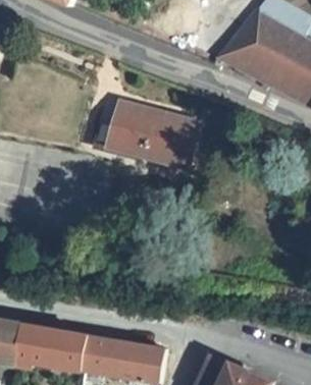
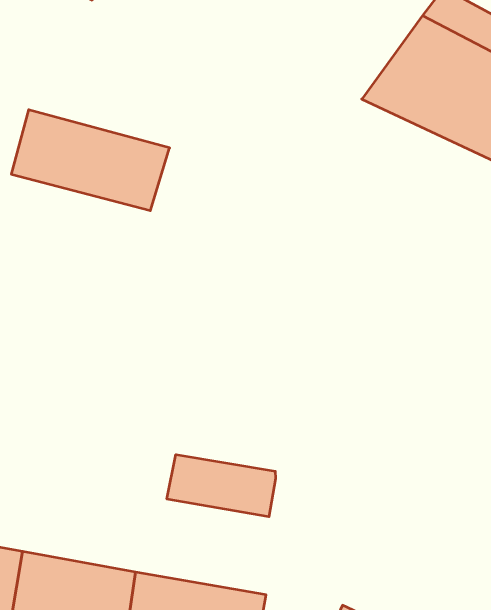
building: [105,99,198,158] -> [11,110,170,211]
building: none -> [167,455,276,517]

